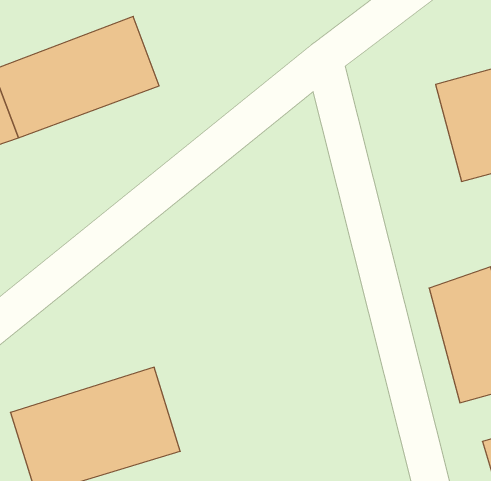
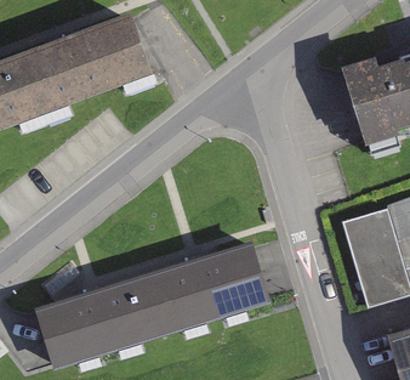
building: none -> [139,248,267,344]

